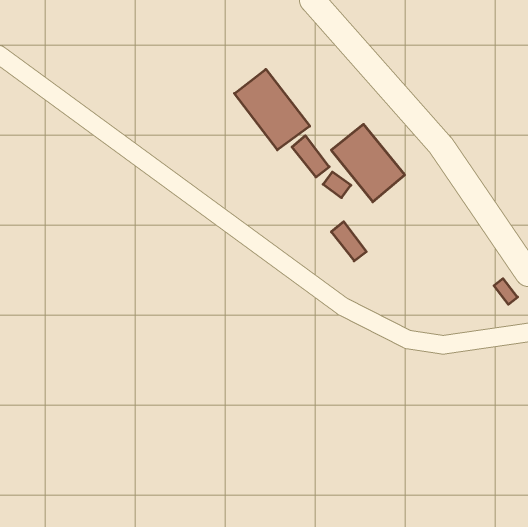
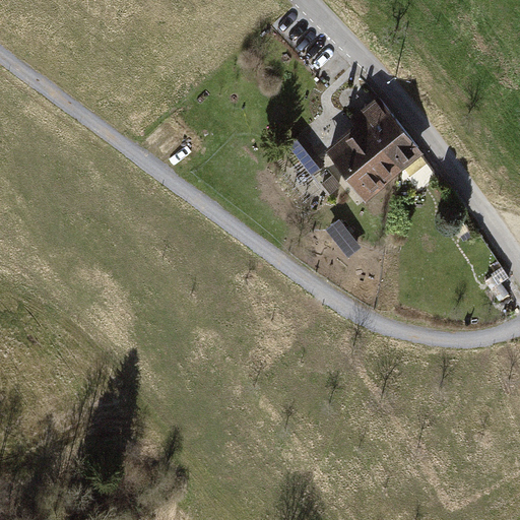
building: [234,69,310,150] -> none
building: none -> [350,98,421,174]

